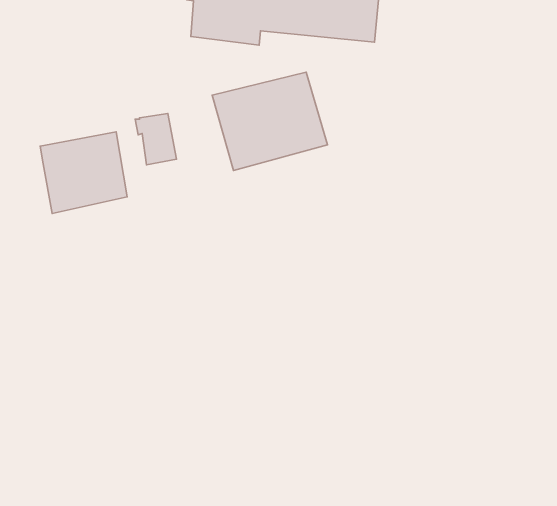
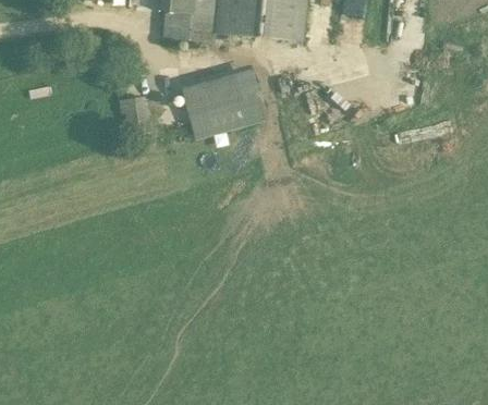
building: [40,132,127,213] -> none

